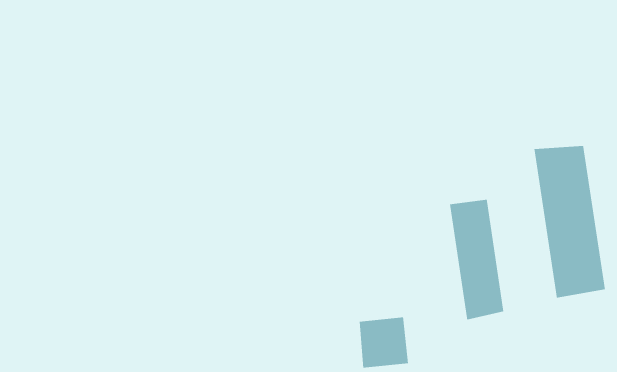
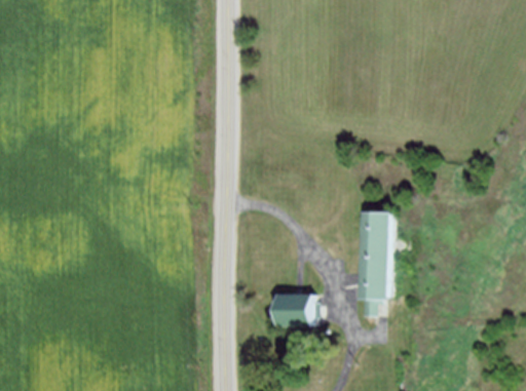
building: [534,145,605,299] -> none

